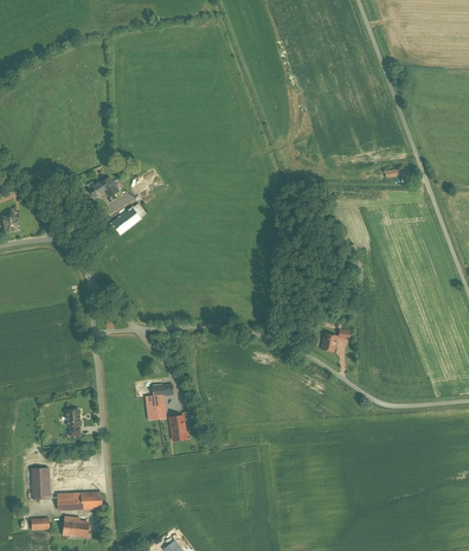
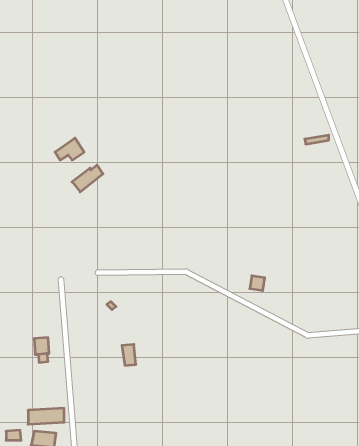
building: [144,385,174,421] -> none
building: [28,469,47,500] -> none

